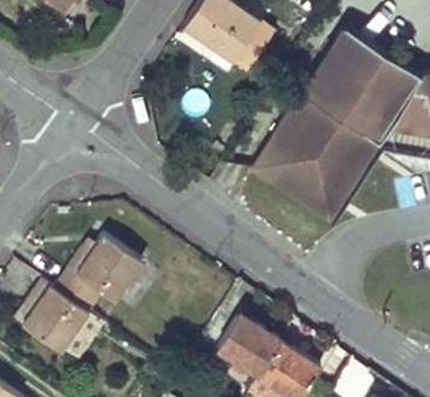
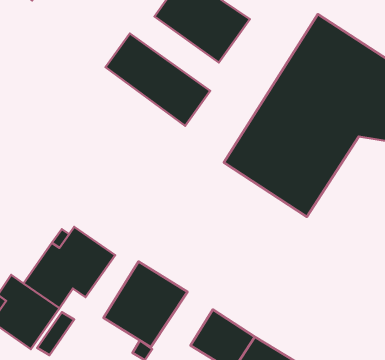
building: none -> [105,34,210,126]
building: none -> [104,261,187,347]

